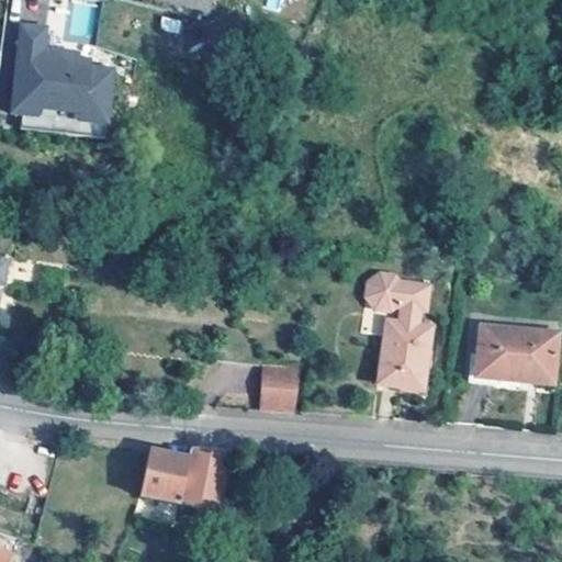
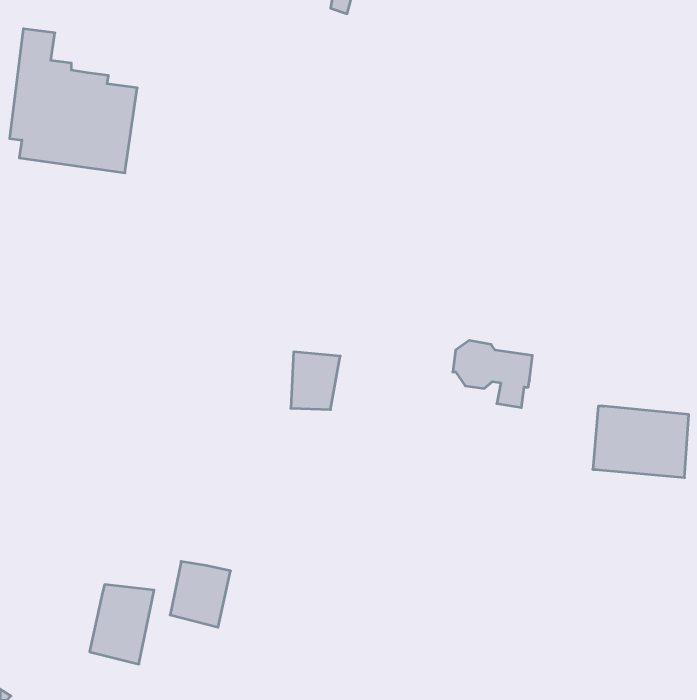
building: [378,322,431,389] -> none
building: [261,362,301,408] -> [291,352,340,410]
building: [178,448,229,512] -> [90,585,154,664]

